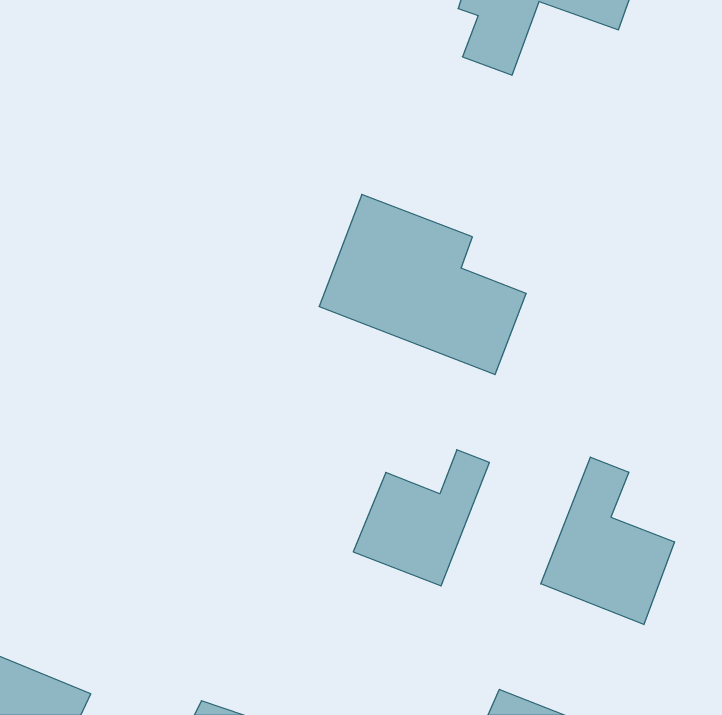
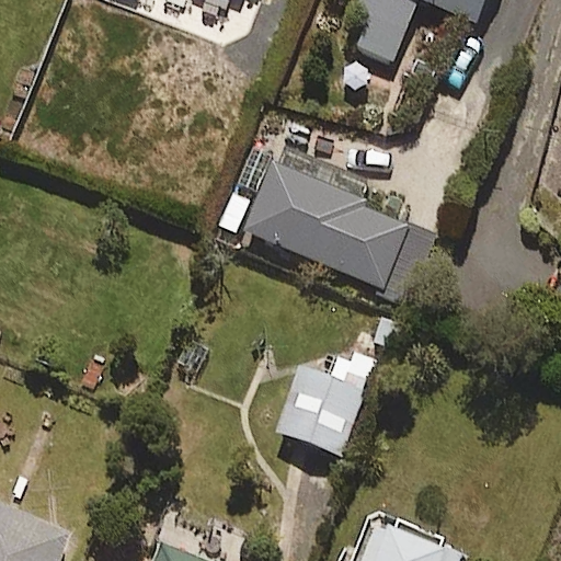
building: [541,457,674,625] -> none

